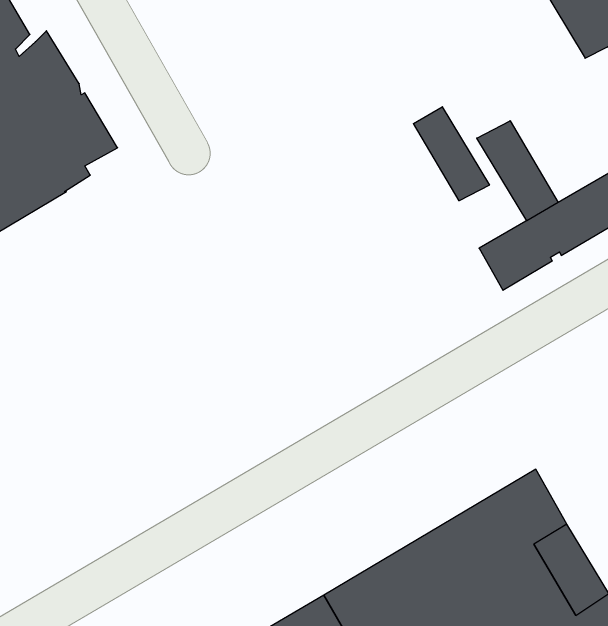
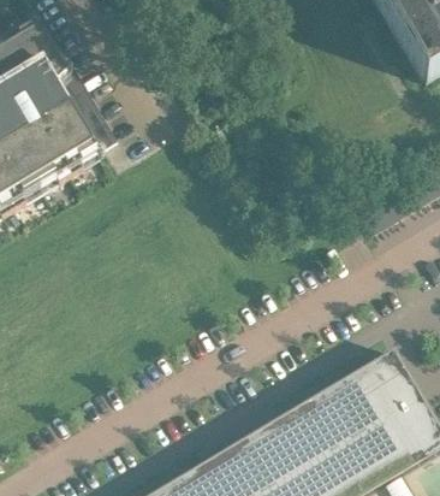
building: [413,107,489,201] -> none
building: [477,121,558,221] -> none

